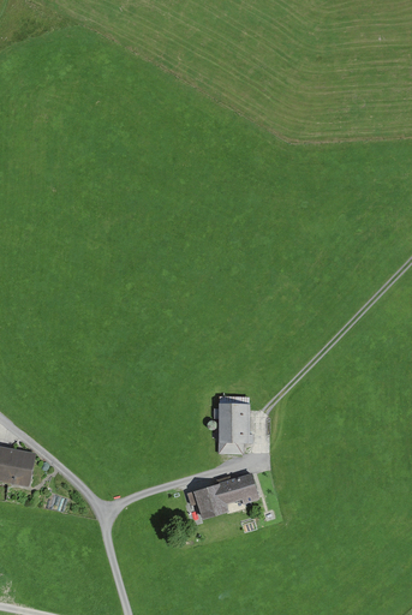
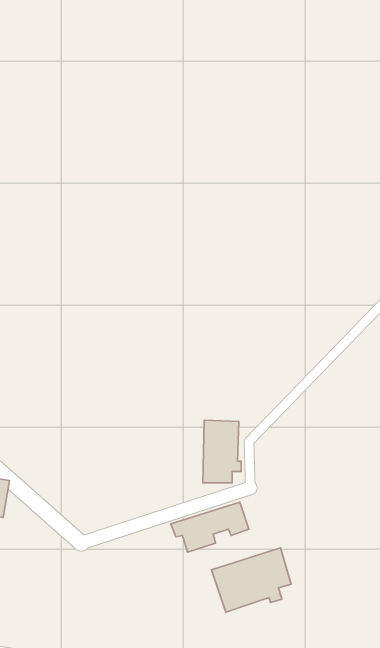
building: none -> [212,548,291,612]

